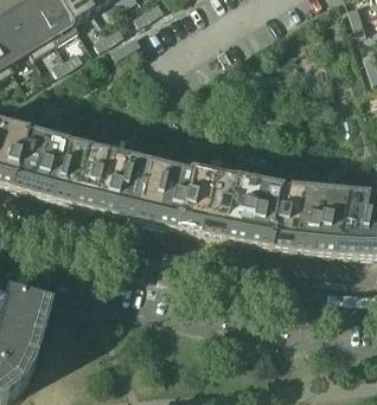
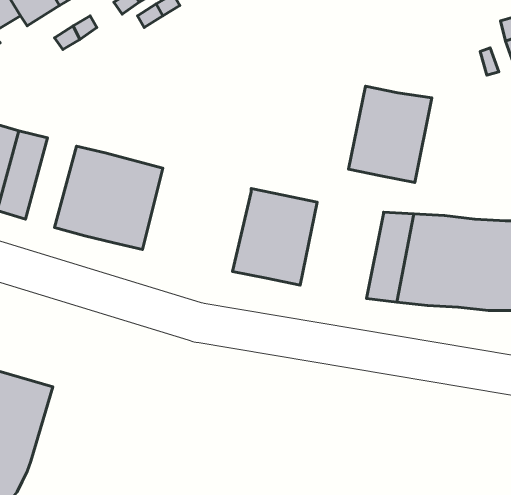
building: [32,131,68,194] -> none
building: [114,153,190,225] -> none
building: [224,176,282,244] -> [349,86,432,183]

